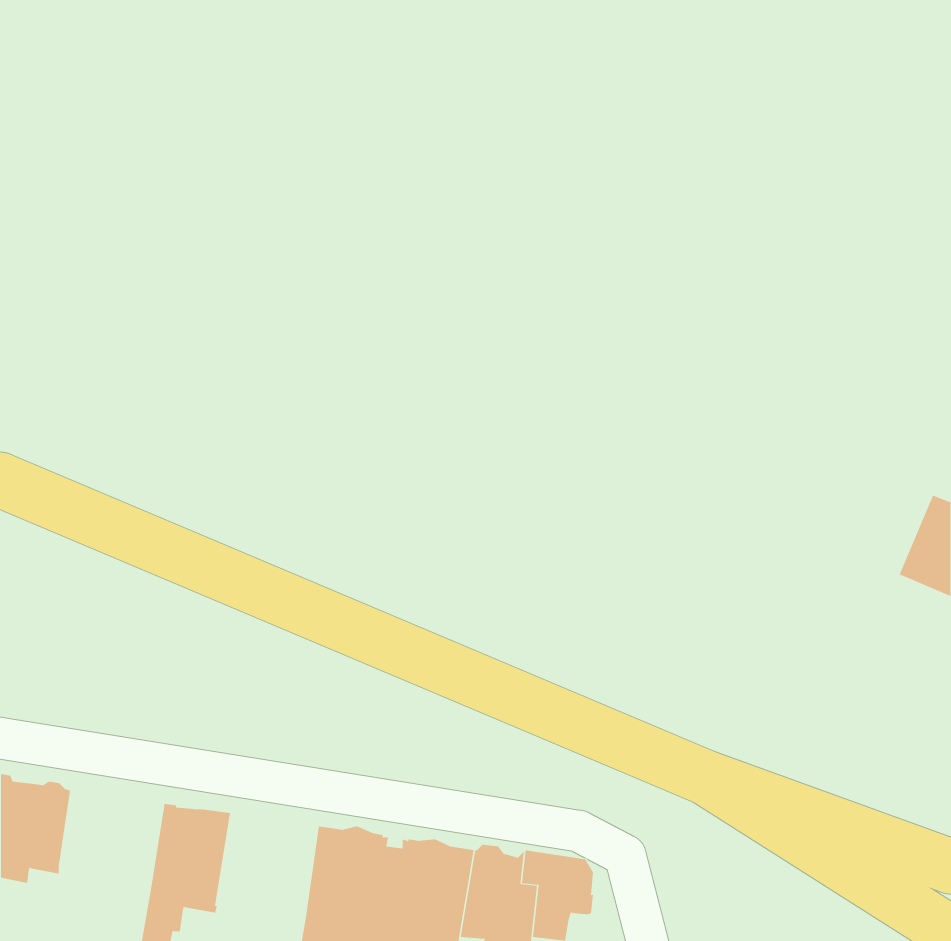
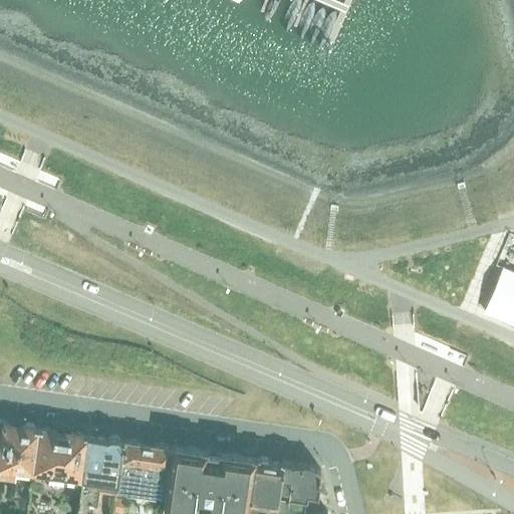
building: none -> [32,430,88,497]
building: none -> [116,443,172,500]

